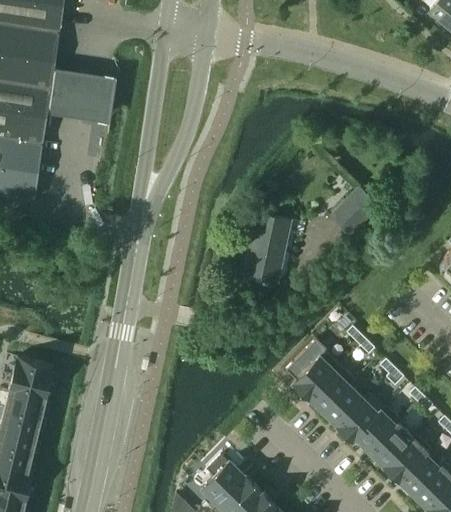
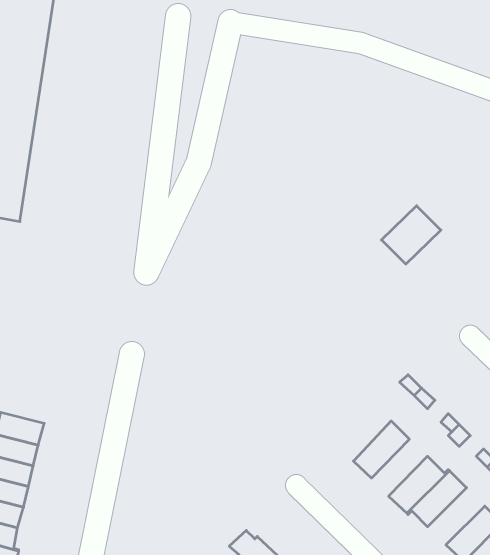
building: [48,67,117,124] -> none
building: [243,213,291,284] -> none
building: [292,351,338,398] -> none
building: [322,380,368,427] -> none
building: [368,420,415,467] -> none

